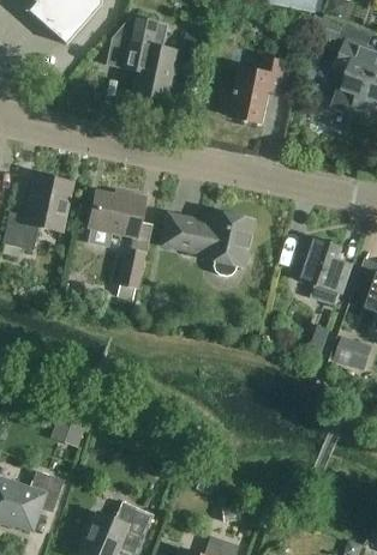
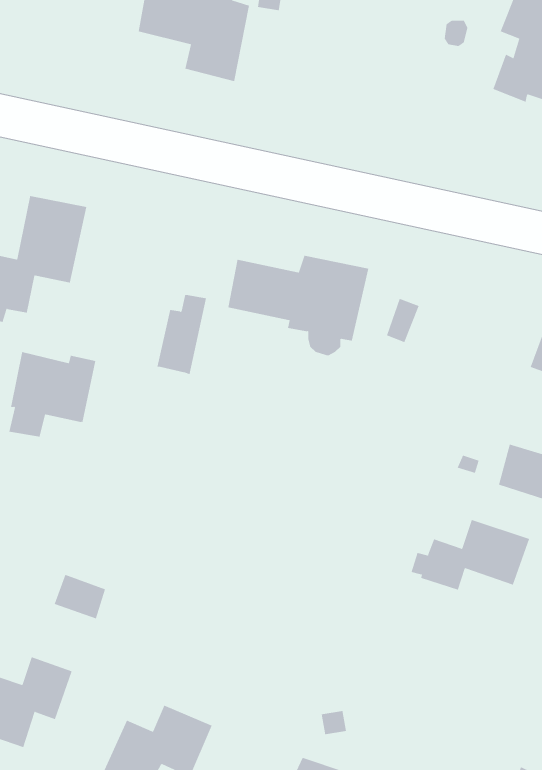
building: [219,58,291,123] -> none
building: [86,192,143,247] -> [8,352,96,437]
building: [299,237,351,304] -> none
building: none -> [411,519,530,590]

